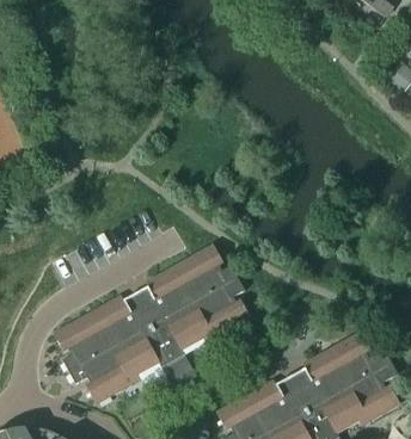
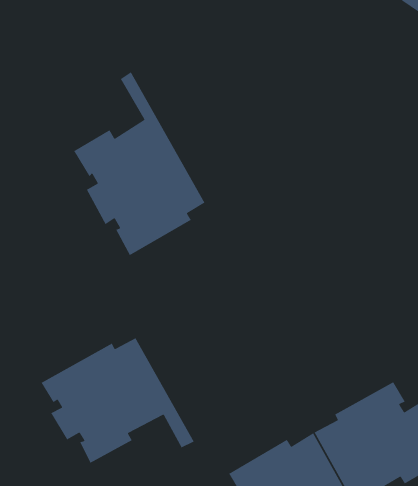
building: none -> [73,71,206,256]
building: [136,245,251,384] -> none

